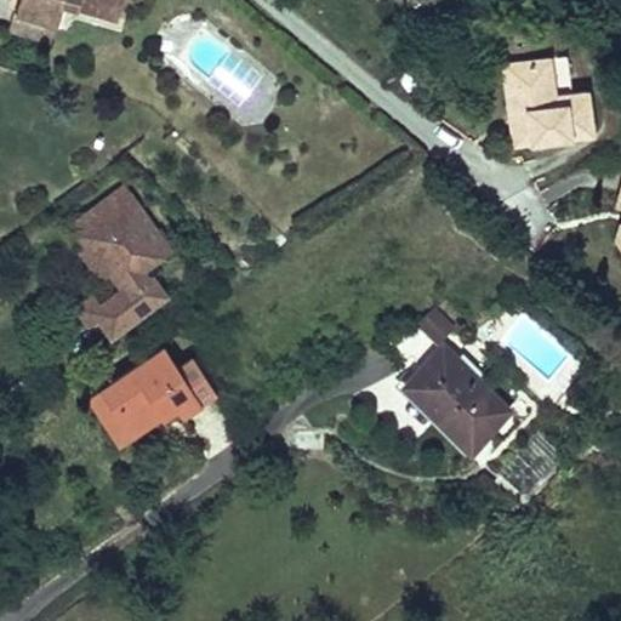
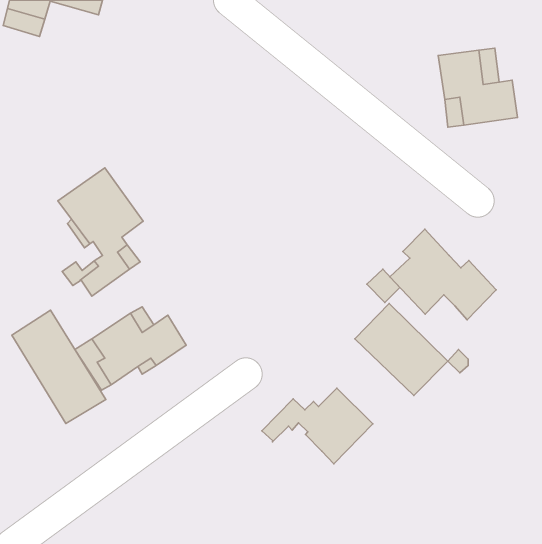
building: none -> [390,229,496,320]
building: none -> [12,310,106,424]
building: none -> [262,388,373,464]

